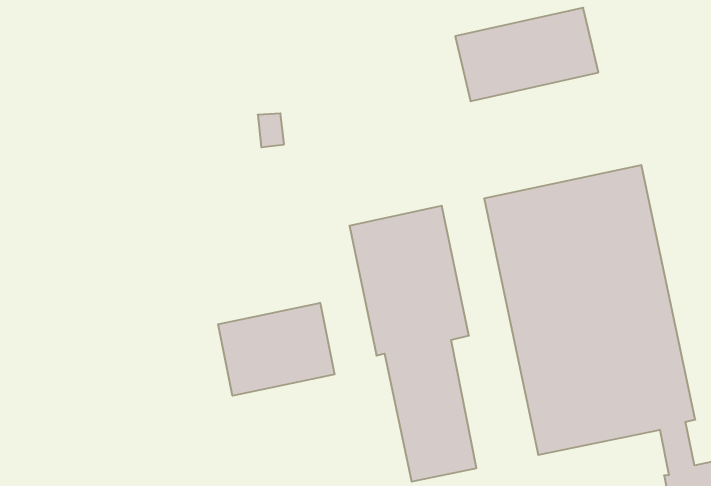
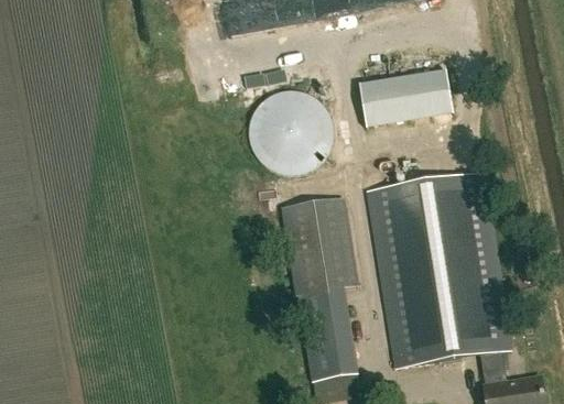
building: none -> [247,89,332,174]
building: [218,303,335,396] -> none

